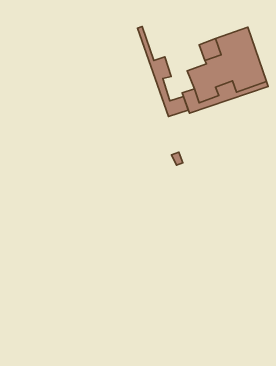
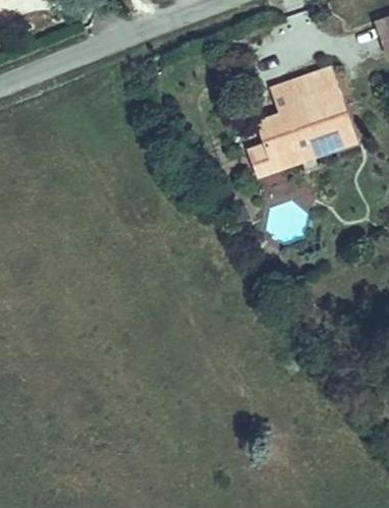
building: [137,26,188,117] -> none

